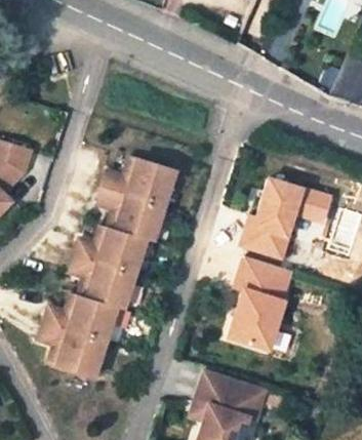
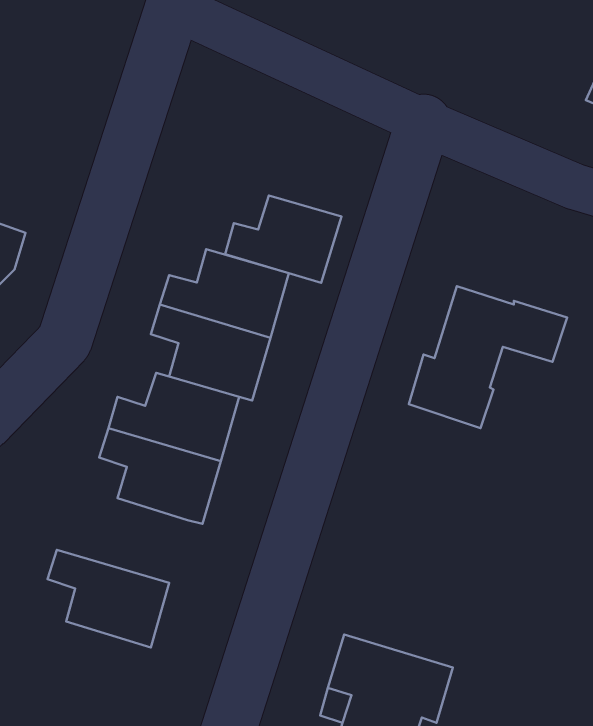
building: none -> [225,195,342,283]
building: [229,256,291,350] -> none
building: [45,294,118,344] -> none

